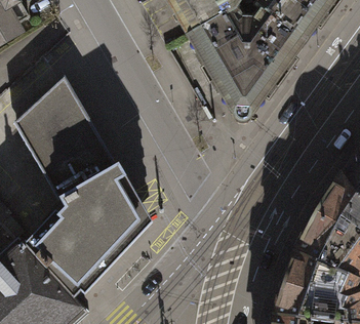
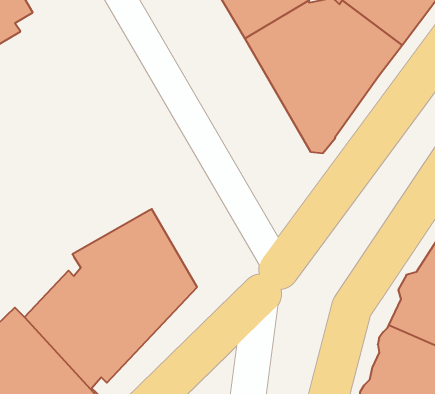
building: [14,76,117,200] -> none

